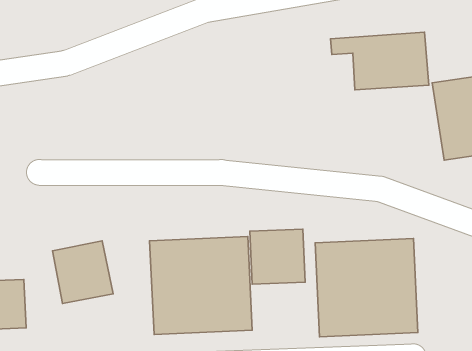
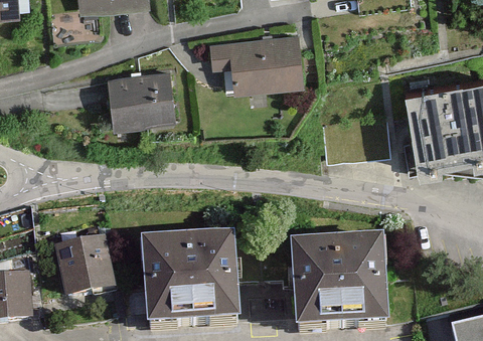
building: [331,32,429,90] -> [210,39,300,92]
building: none -> [109,75,173,130]
building: [250,229,305,284] -> none

